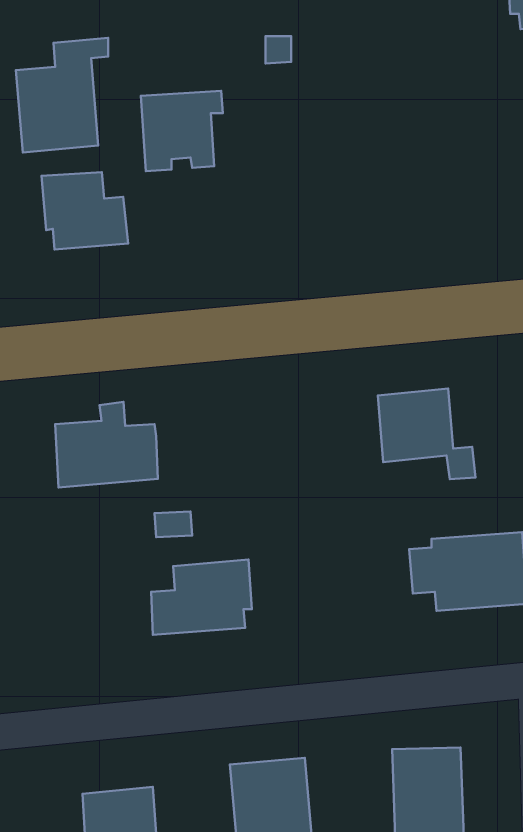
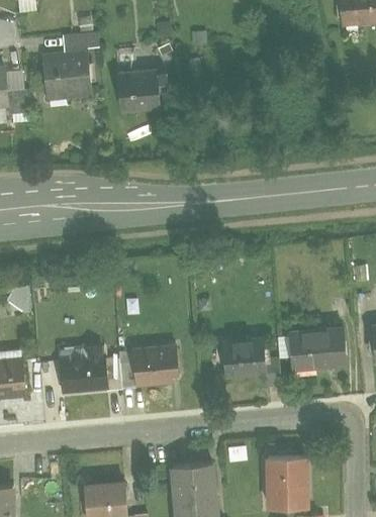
building: [41,172,128,249] -> none
building: [378,389,475,479] -> [221,334,279,388]
building: [55,402,158,487] -> [64,341,124,392]

